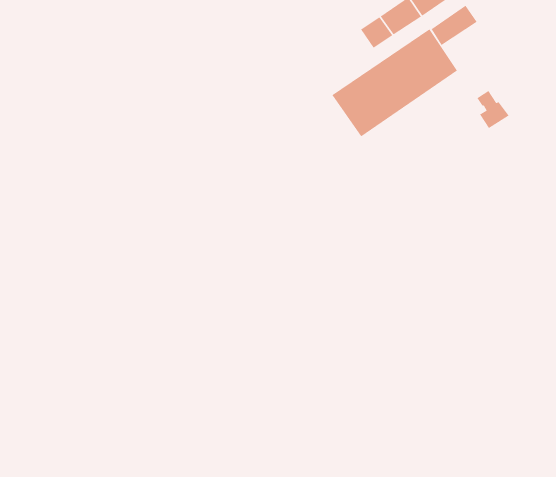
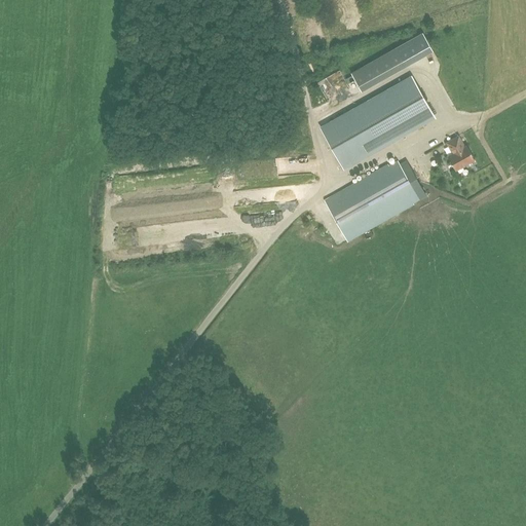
building: [431,5,477,46] -> none
building: none -> [325,160,419,239]

